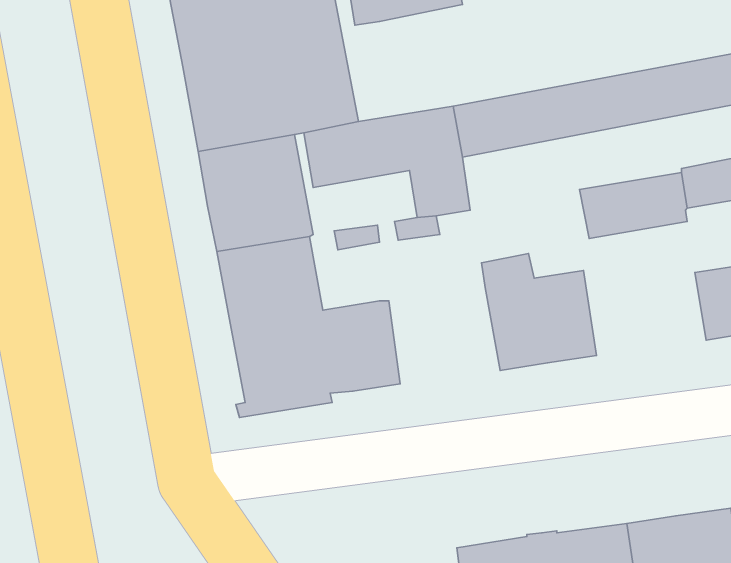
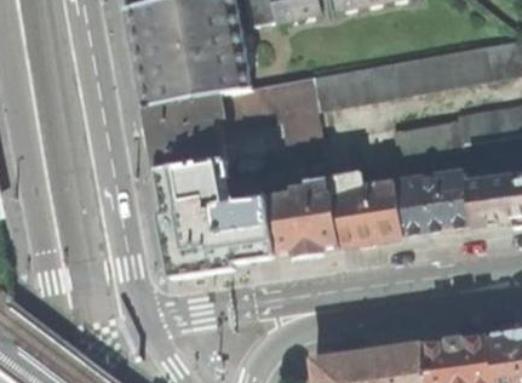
building: none -> [394,170,472,235]
building: none -> [268,185,340,253]

